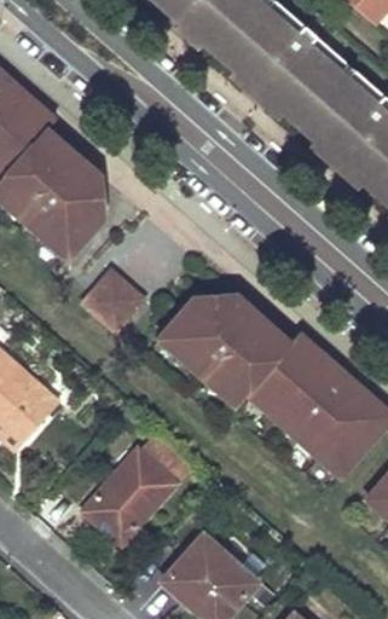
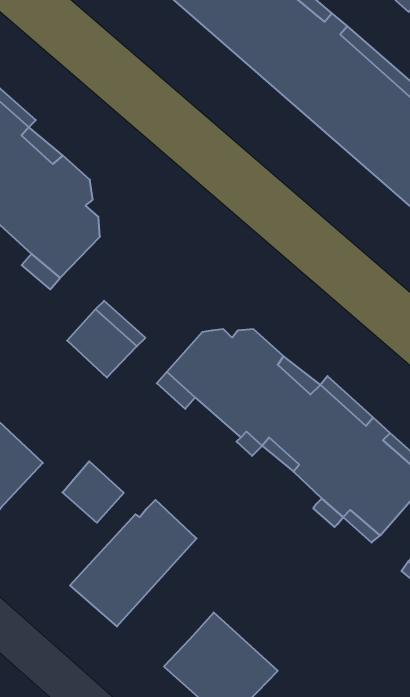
building: none -> [62,461,124,523]

